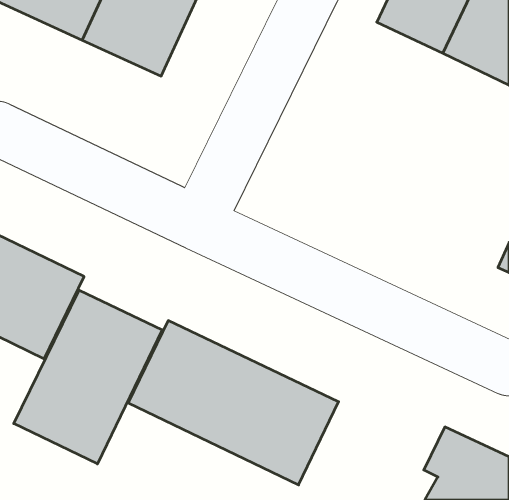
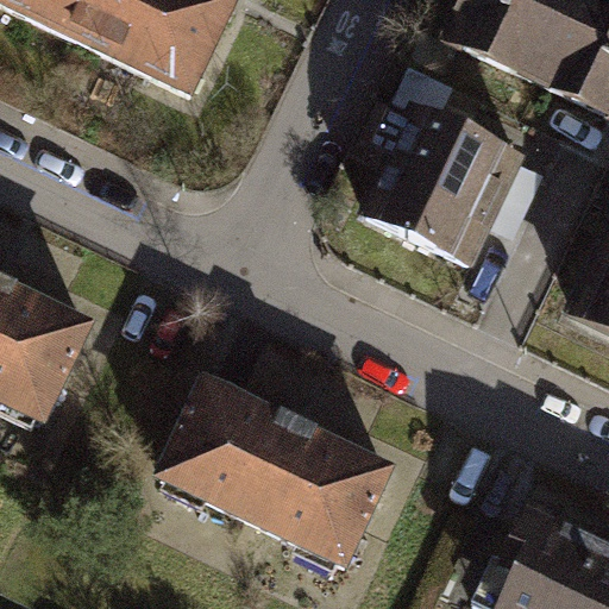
building: none -> [360,61,520,260]
building: [14,290,162,464] -> none

